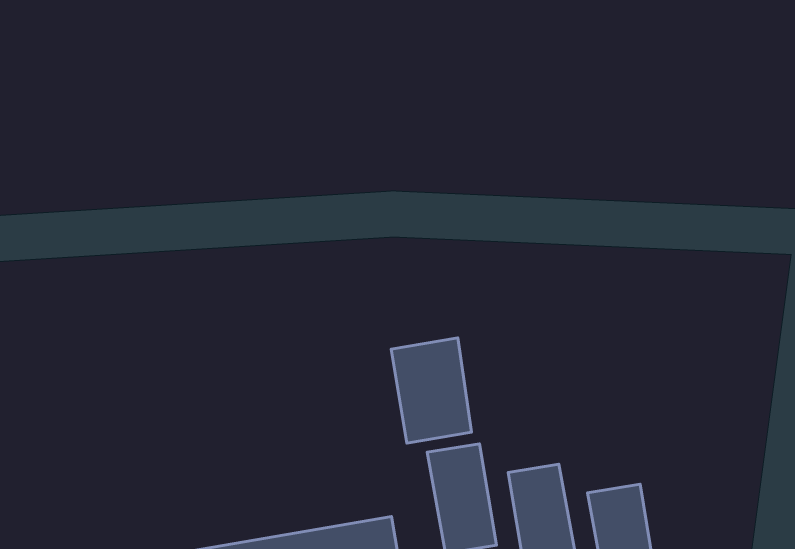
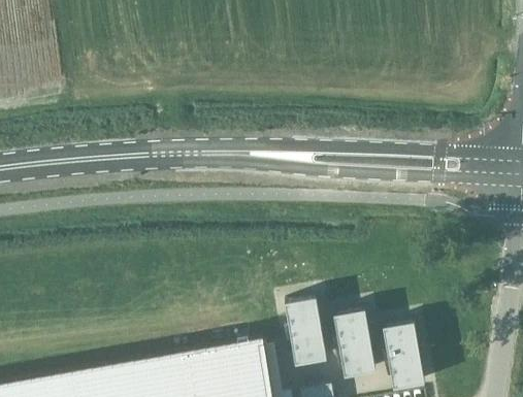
building: [391,338,471,443] -> none

